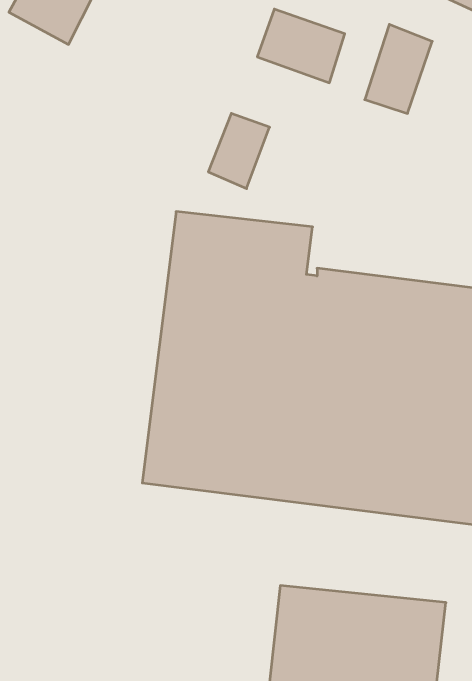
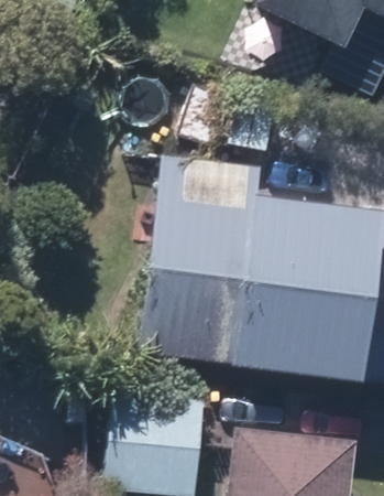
building: none -> [90,376,208,489]

